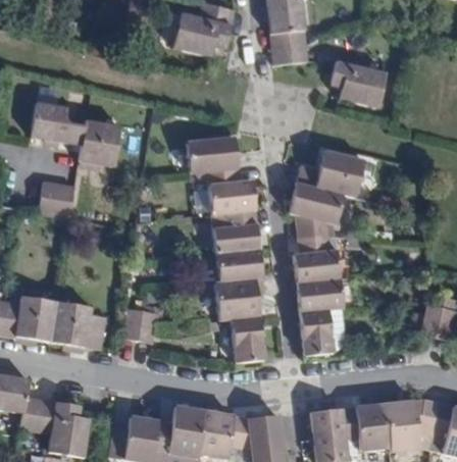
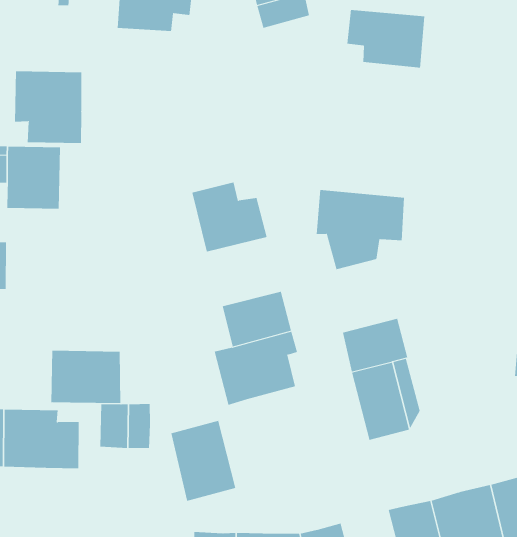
building: none -> [14,70,82,144]
building: [192,121,239,171] -> none
building: [297,144,366,196] -> none
building: [212,209,260,252] -> none
building: [295,236,338,283] -> none
building: none -> [51,350,121,404]
building: [225,315,265,368] -> [170,420,236,502]

